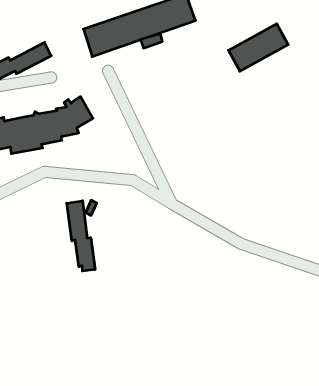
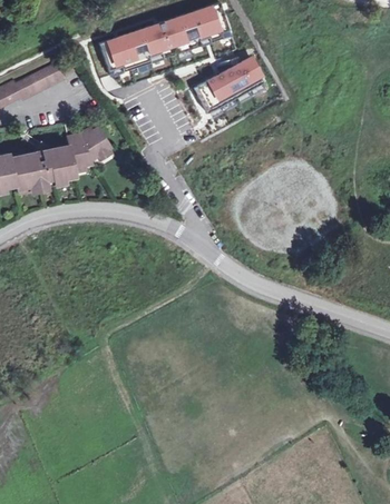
building: [228,24,288,71] -> [195,60,265,116]
building: [67,201,95,271] -> none

